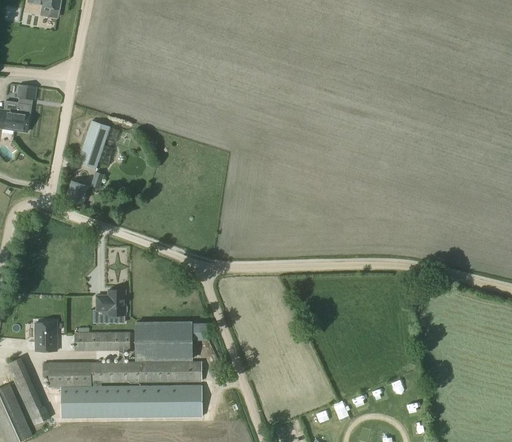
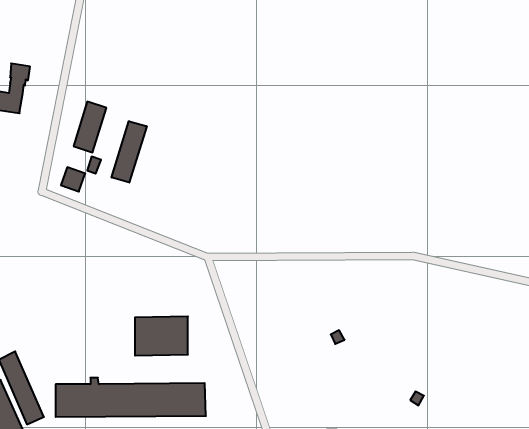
building: none -> [112,121,147,183]
building: [96,289,127,315] -> none
building: [35,323,57,351] -> none
building: [43,332,202,387] -> none

